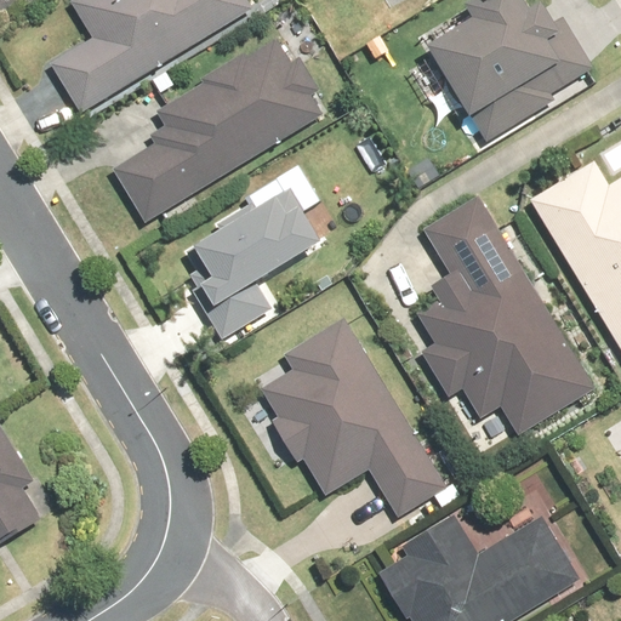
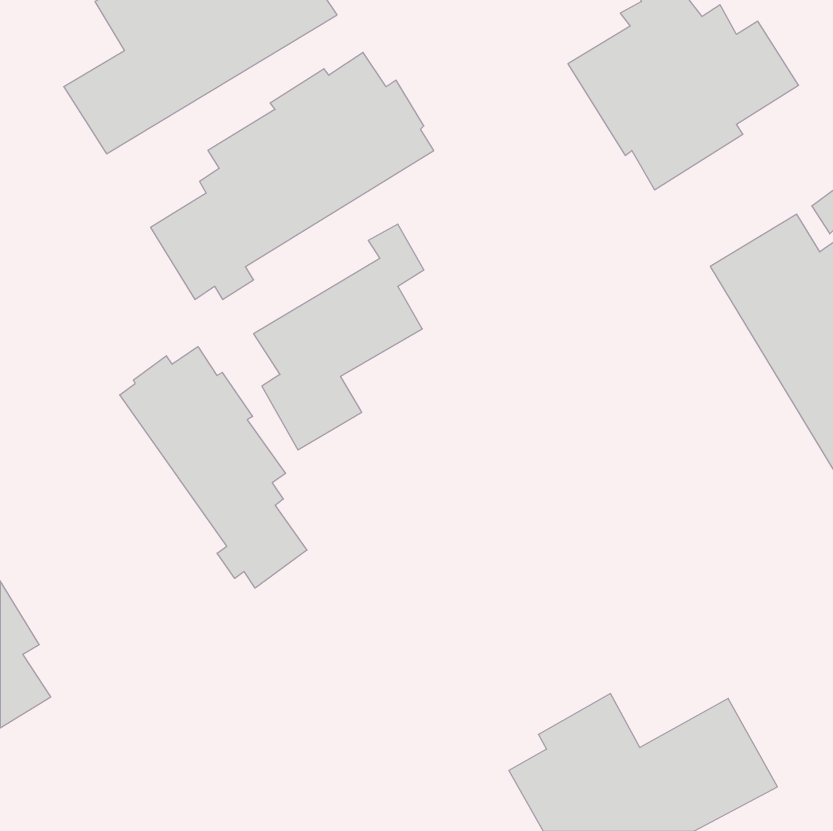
building: [417,195,593,437] -> none
building: none -> [120,347,307,588]
building: [260,320,444,512] -> none

